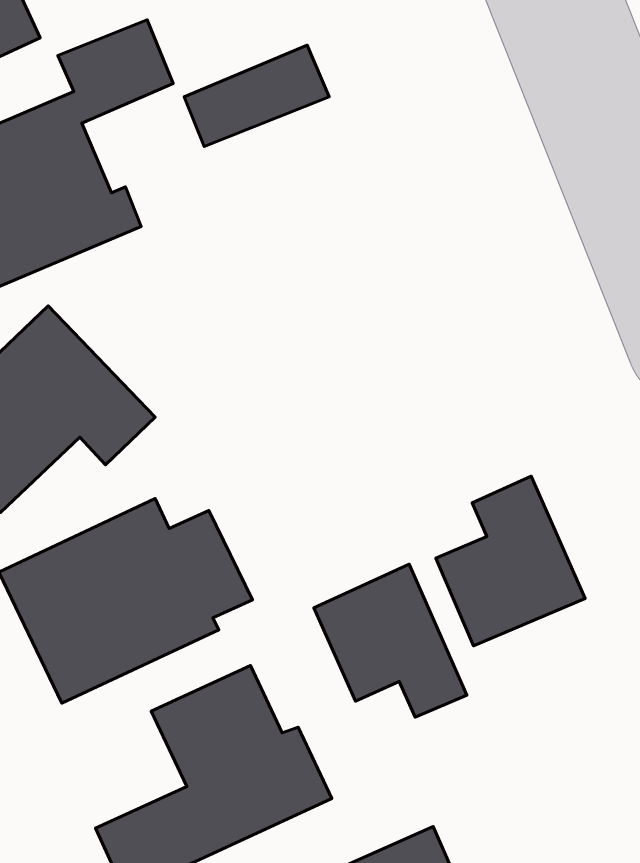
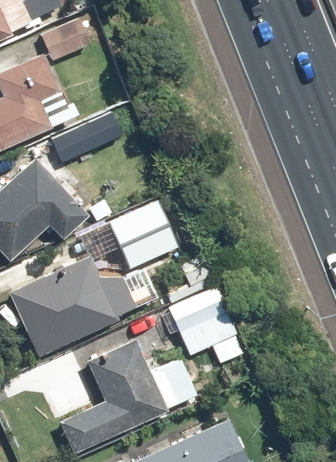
building: [184,45,329,146] -> [48,113,121,164]
building: none -> [83,200,178,268]
building: [436,476,585,646] -> none

